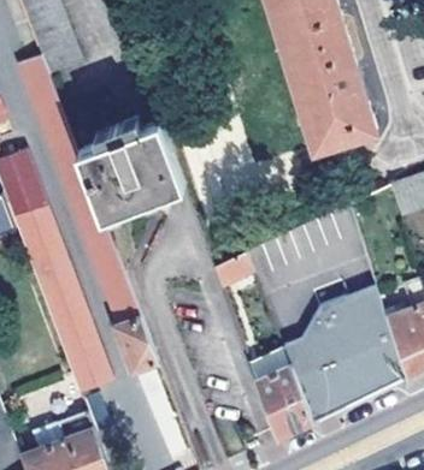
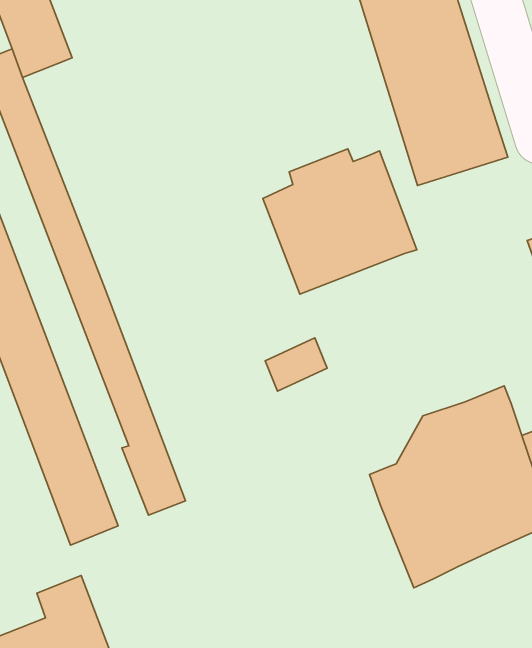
building: [76,117,181,215] -> [263,149,417,294]
building: [254,363,312,436] -> none

